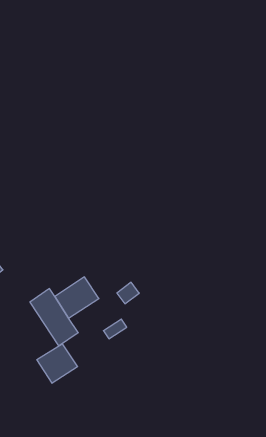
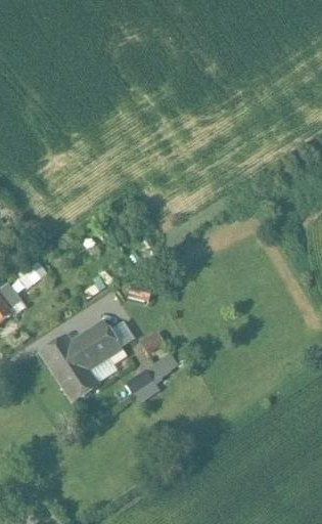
building: [37,344,78,383] -> none

